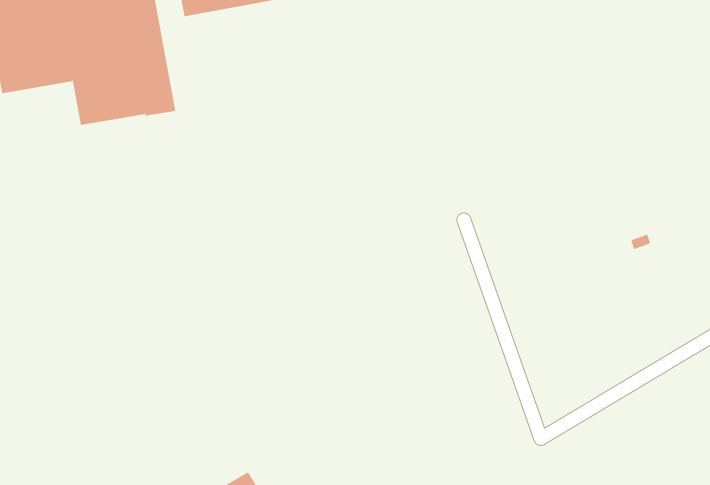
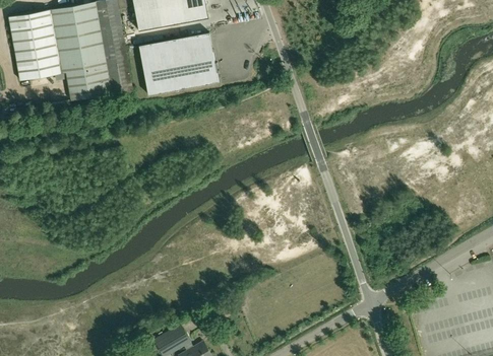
building: none -> [138,32,218,95]

